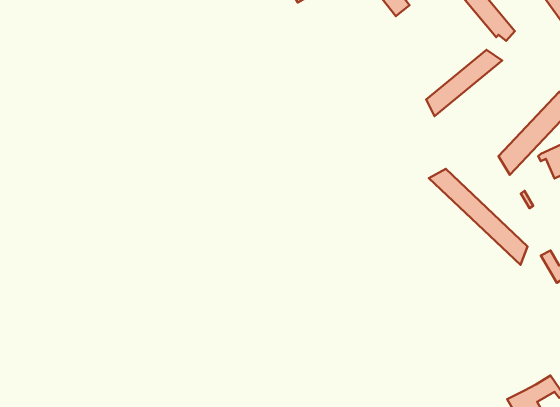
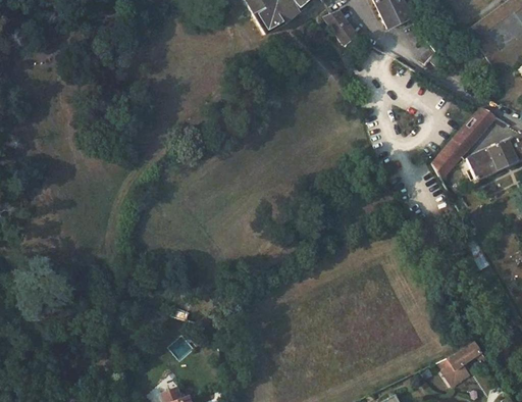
building: [426,50,502,116] -> none
building: [429,169,527,265] -> none

